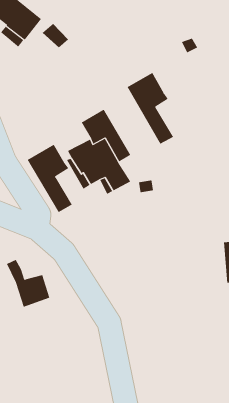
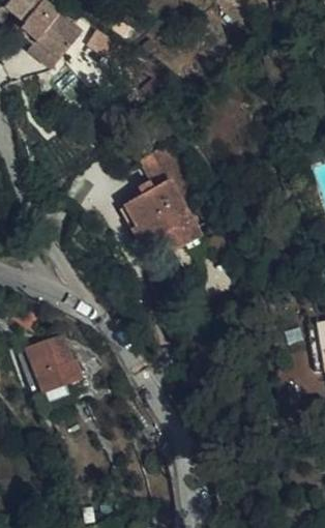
building: [127,72,174,145] -> none
building: [27,144,73,213] -> none

